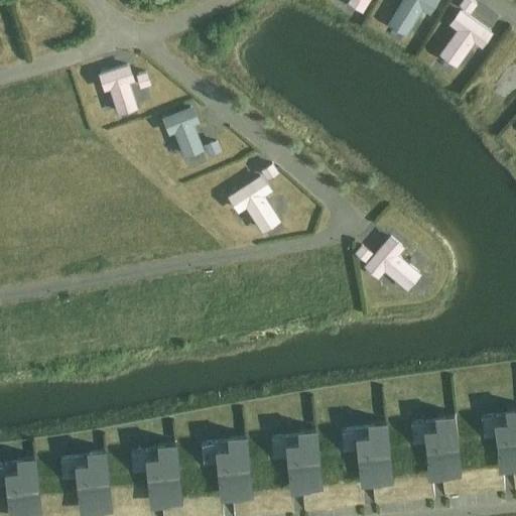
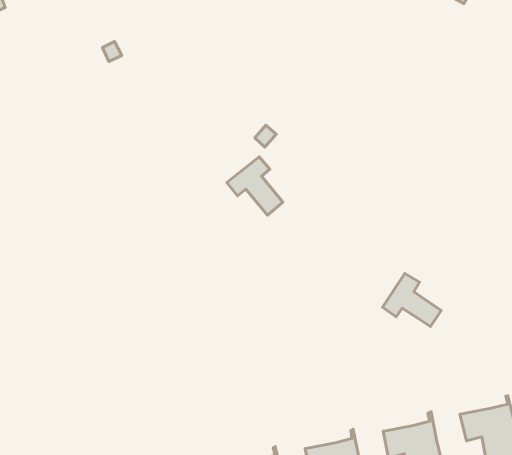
building: [101,64,135,111] -> none
building: [164,107,202,154] -> none
building: [368,237,419,286] -> [383,274,441,326]

